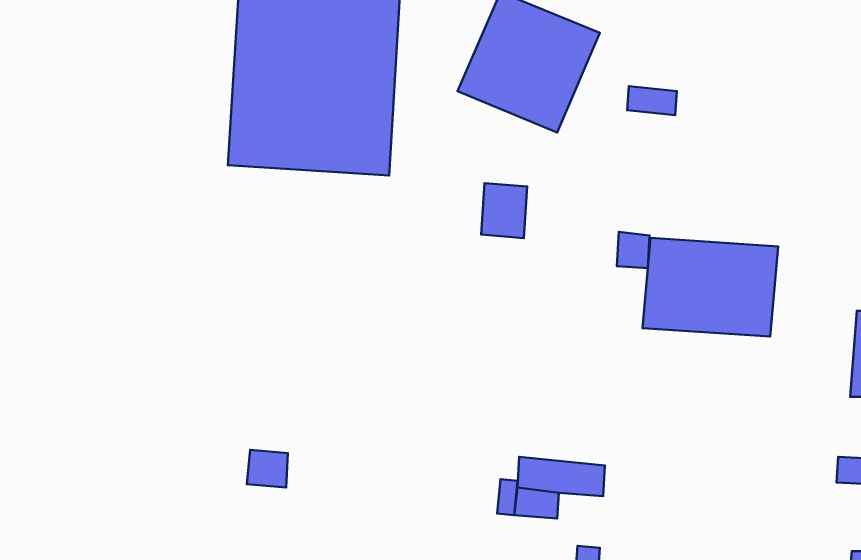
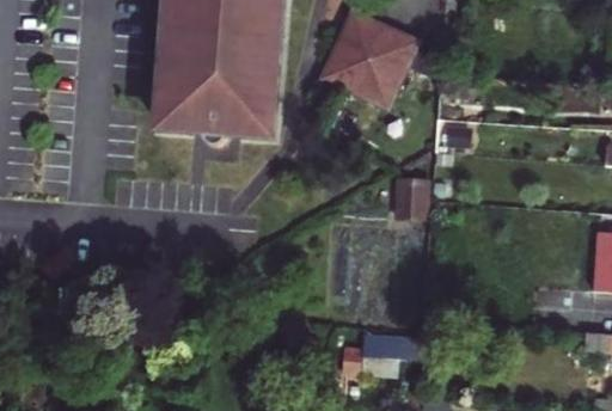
building: [481,183,527,238] -> [398,180,430,219]
building: [643,238,778,337] -> none

